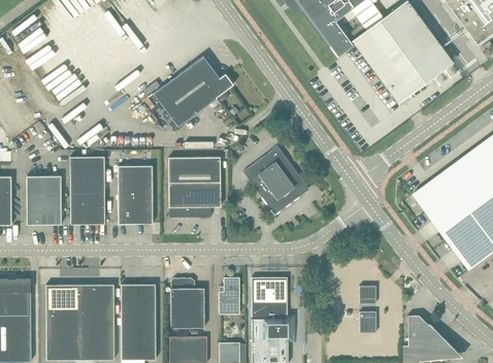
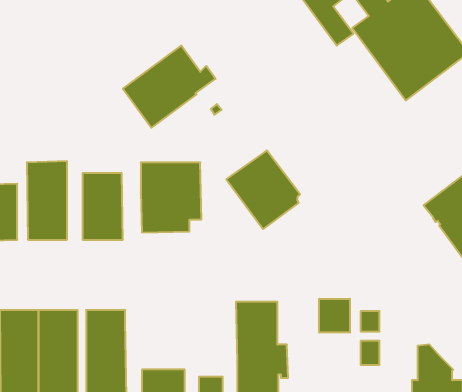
building: none -> [319,299,350,333]
building: [170,277,204,328] -> none
building: [219,277,239,314] -> none

